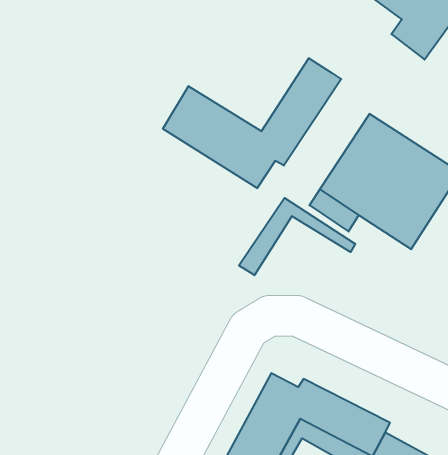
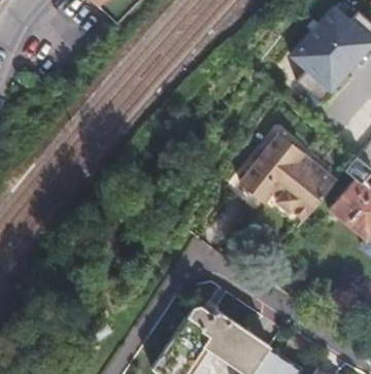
building: [163,58,341,188] -> none
building: [239,198,355,275] -> none

